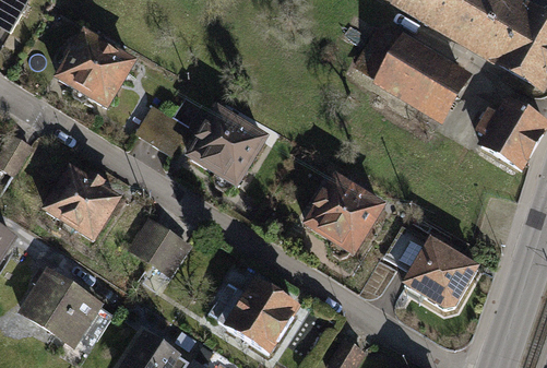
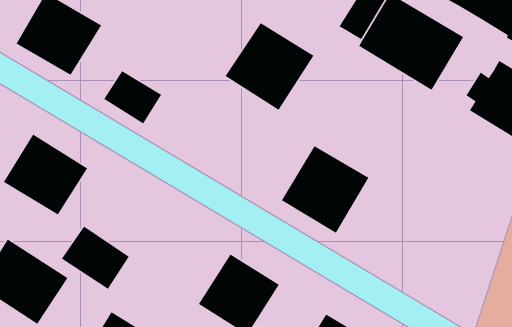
building: [182,107,267,191] -> [225,22,315,111]
building: [126,212,191,273] -> [61,225,130,290]
building: [383,225,484,310] -> none

